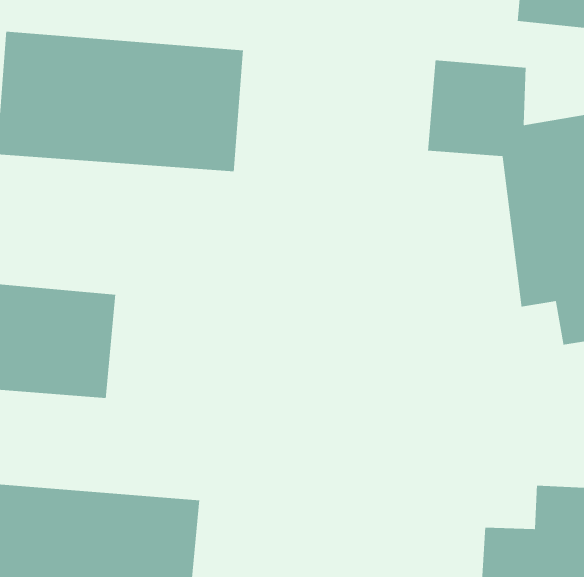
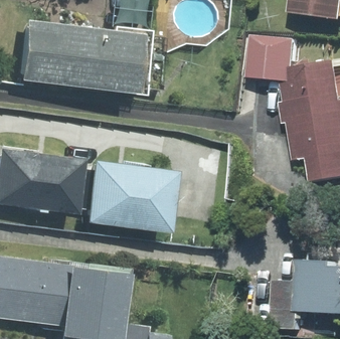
building: none -> [86,159,175,229]

